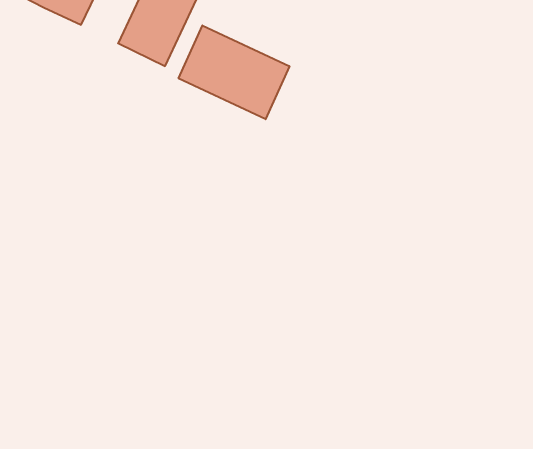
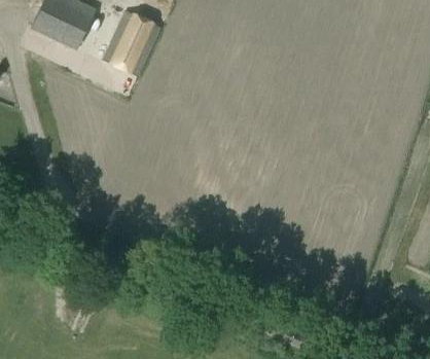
building: [179,25,289,119] -> none

